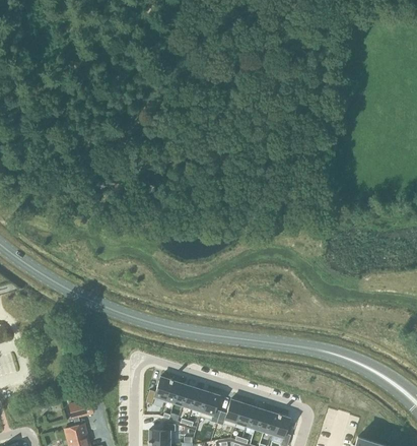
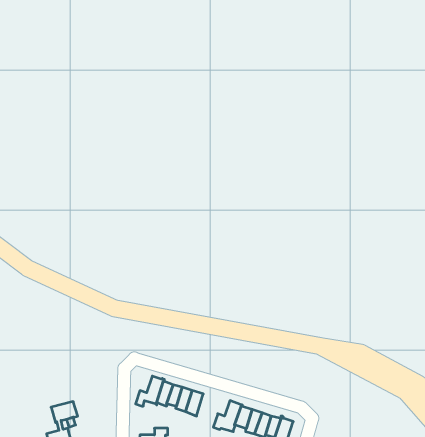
building: [201,391,221,423] -> none

